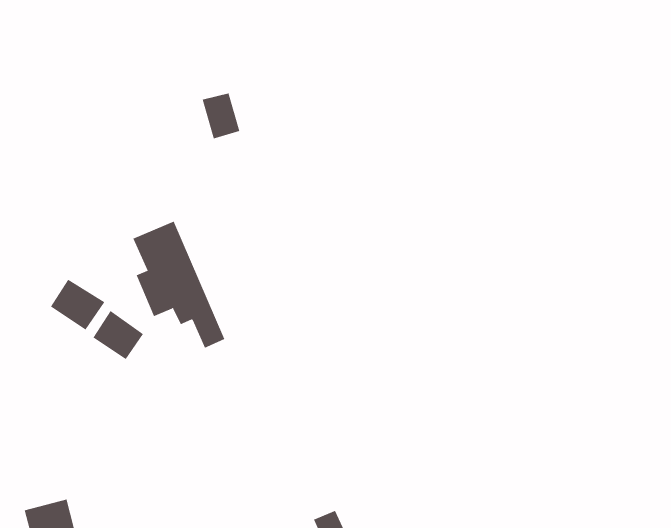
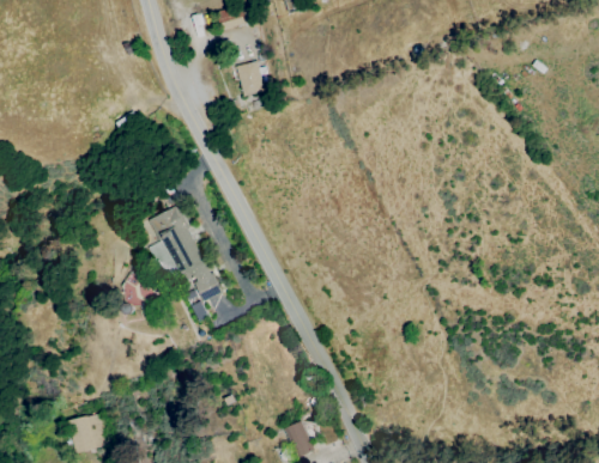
building: [202,93,240,139] -> [235,61,264,96]
building: [50,279,105,330] -> none

